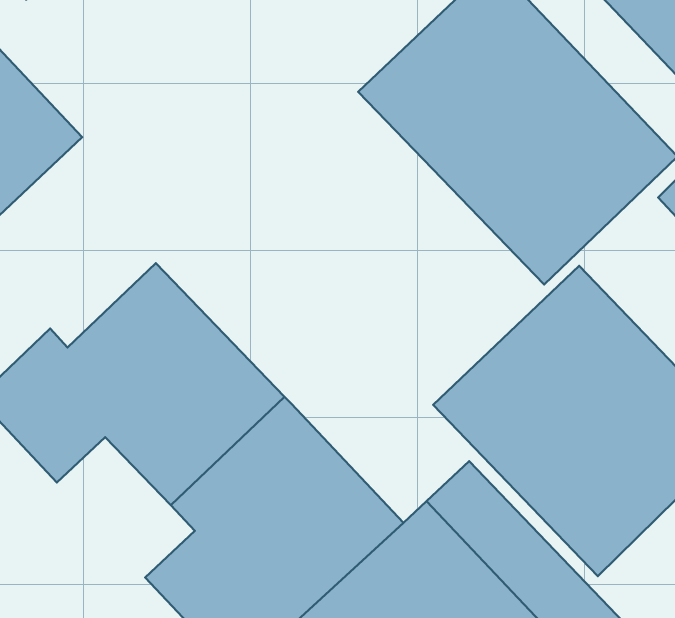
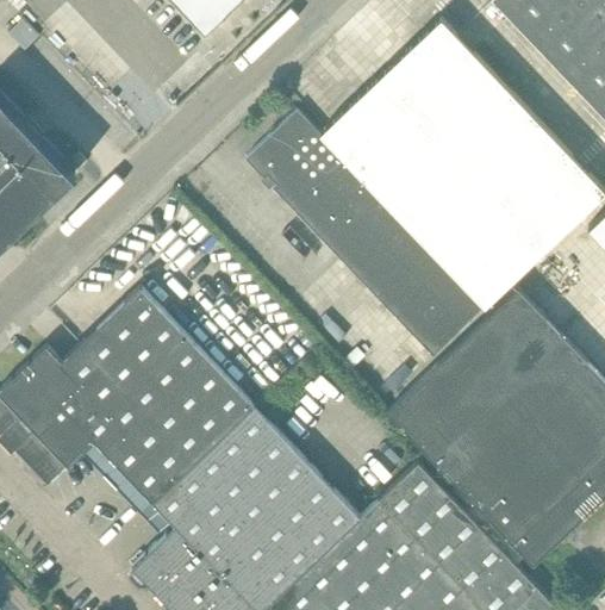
building: none -> [245,111,486,356]

